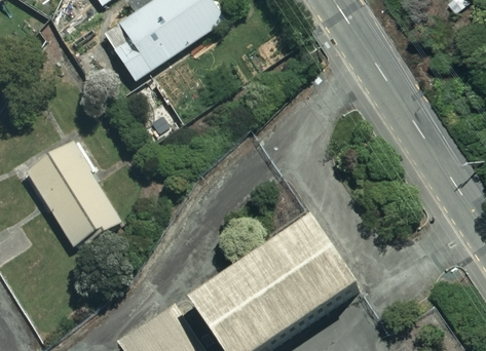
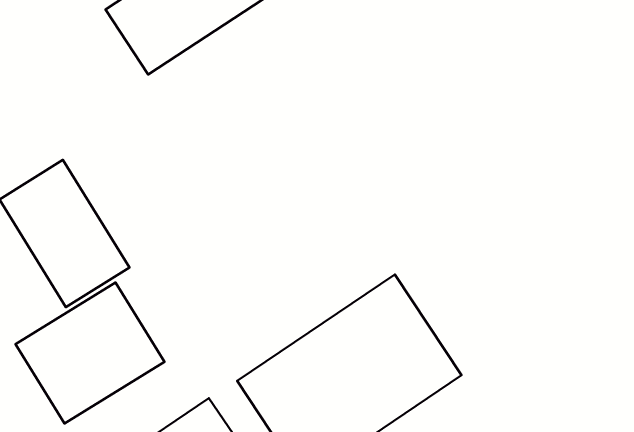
building: none -> [16,282,164,424]

